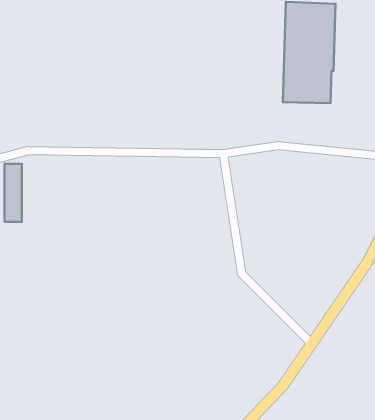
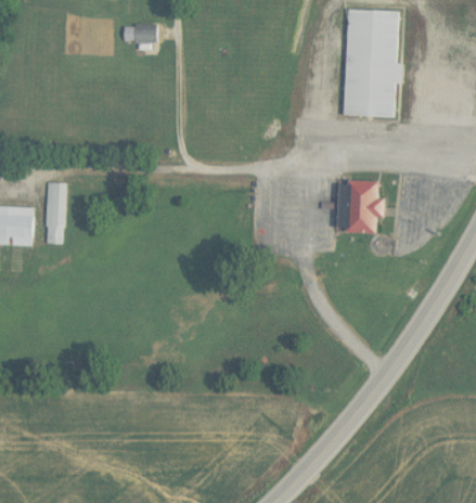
building: none -> [123,24,156,42]
building: none -> [338,180,385,233]

